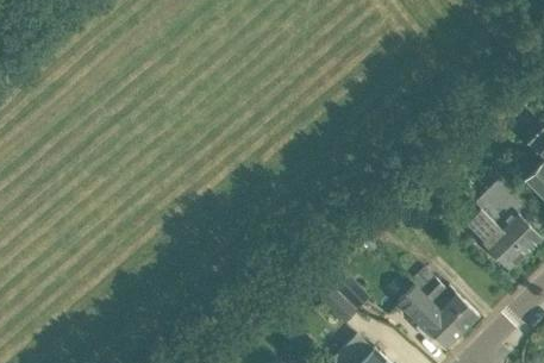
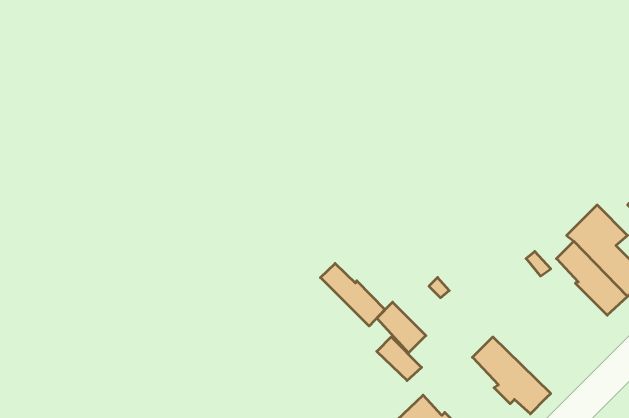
building: none -> [320,263,385,326]
building: [411,270,479,334] -> none

